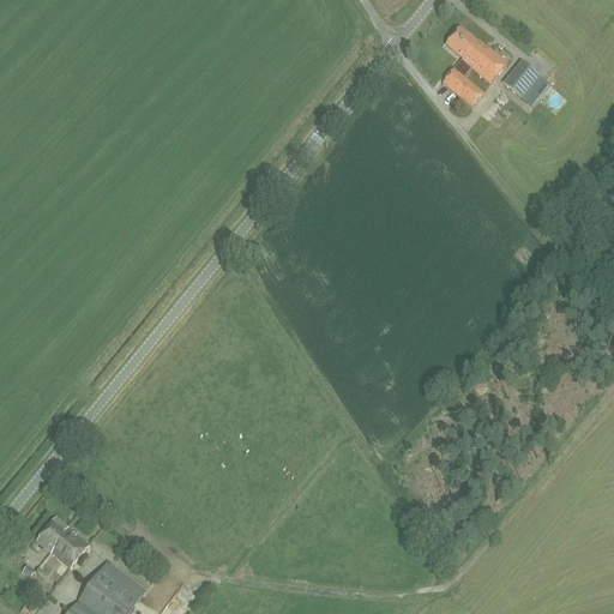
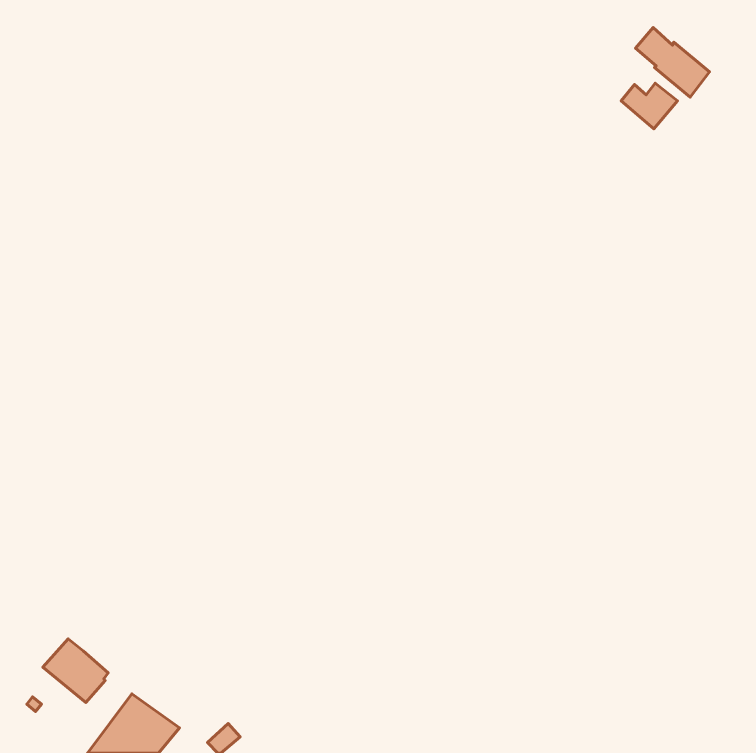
building: [446,26,506,83] -> [635,27,710,97]
building: [441,67,482,106] -> none

